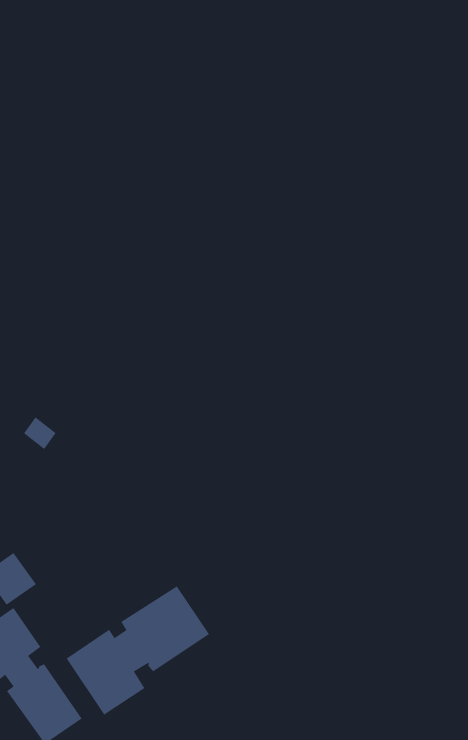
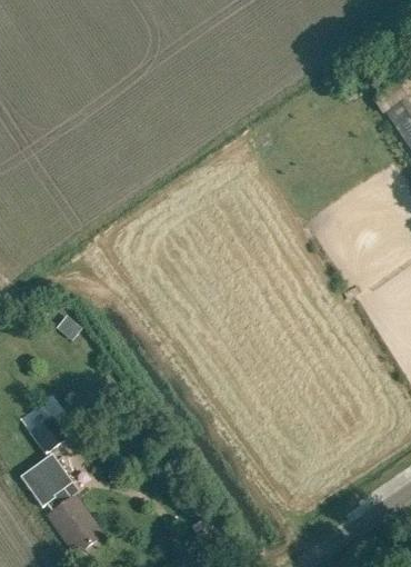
building: [66,586,210,716] -> none

